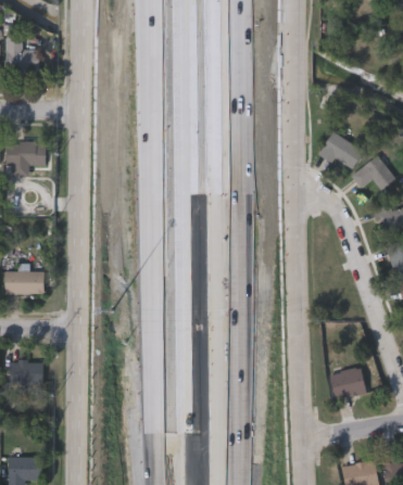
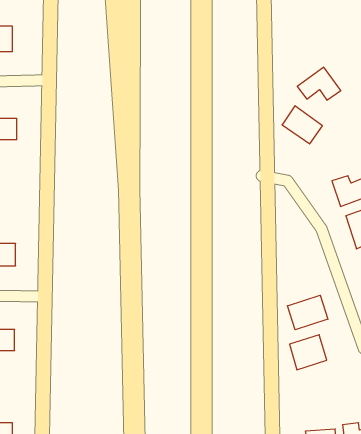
building: [348,155,392,189] -> [297,67,341,100]
building: none -> [287,295,328,330]

